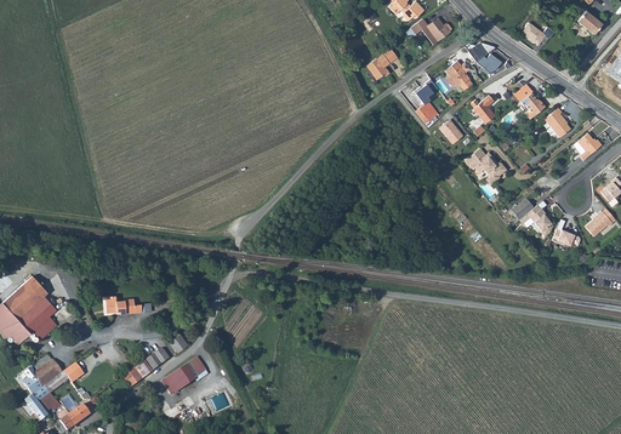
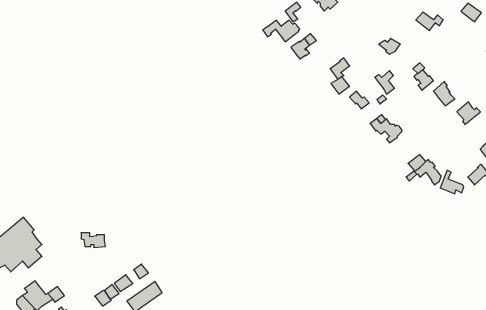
building: [405,18,451,45] -> [263,20,300,42]
building: [445,58,473,91] -> none

